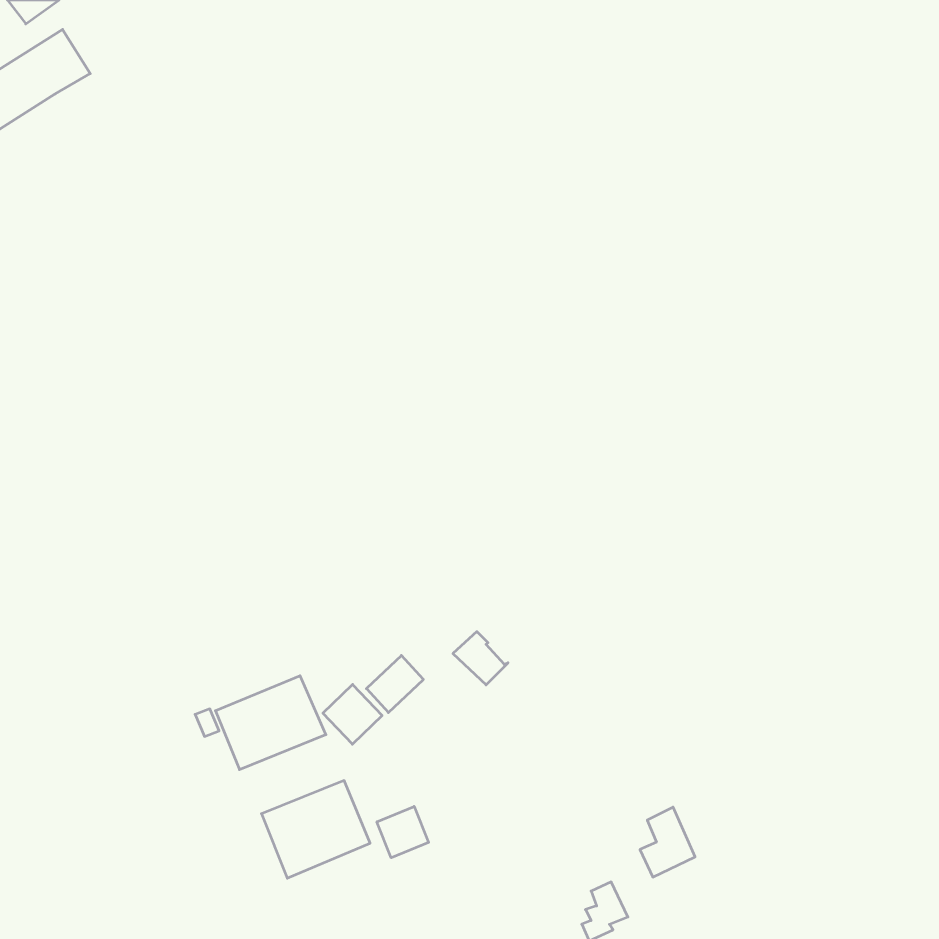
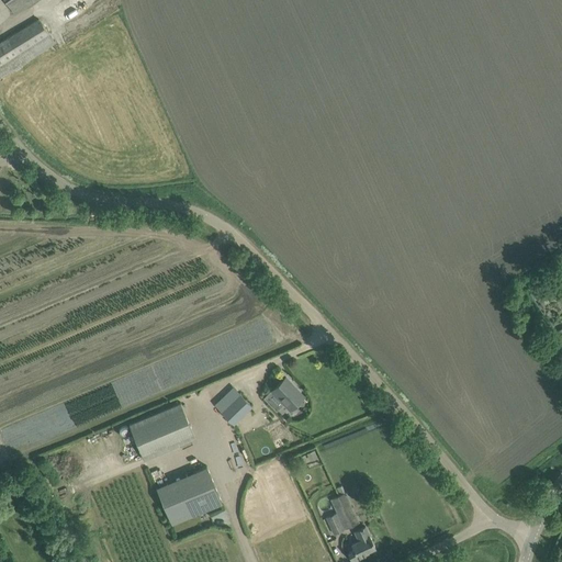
building: [323,684,382,744] -> none
building: [377,806,429,858] -> none
building: [640,807,695,877] -> [325,493,358,535]

